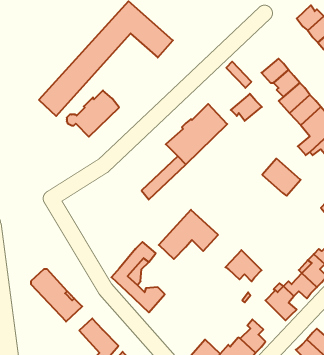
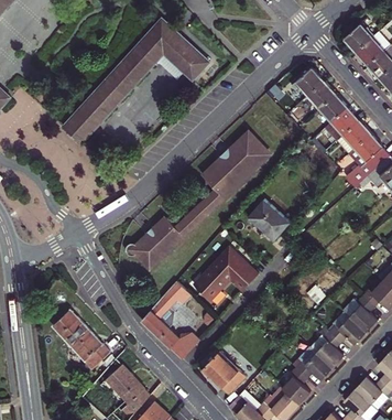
building: [67,90,119,137] -> [126,217,183,268]
building: [231,94,262,121] -> [291,67,325,97]
building: [262,159,301,196] -> [249,200,291,240]
building: [225,250,262,281] -> [293,346,333,380]
building: none -> [197,351,242,394]

